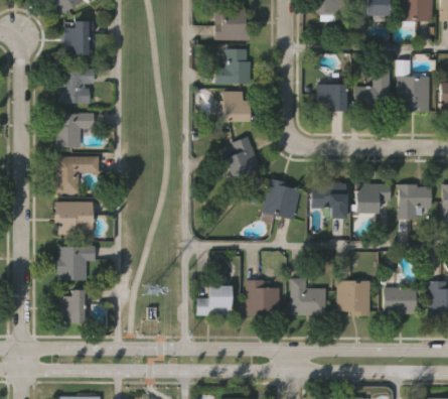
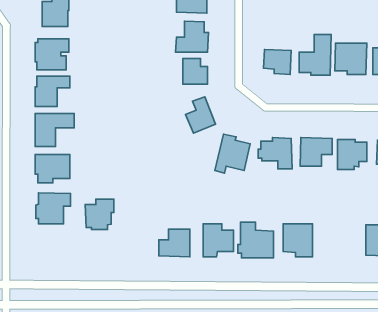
building: [382,287,420,317] -> none
building: [58,288,91,322] -> [85,199,114,229]

